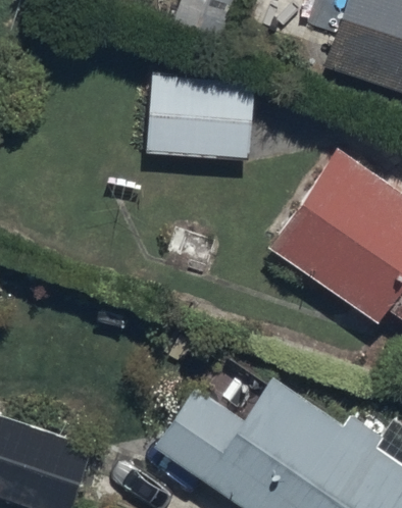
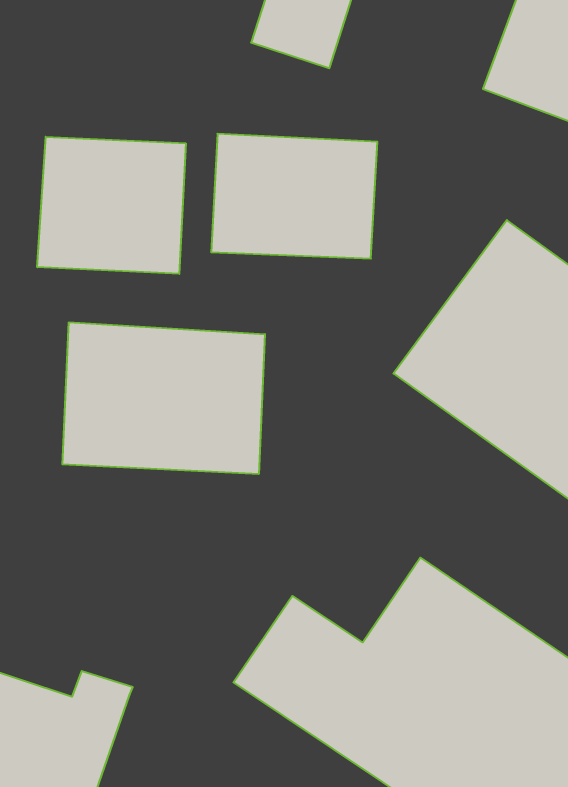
building: none -> [37,137,186,274]
building: none -> [62,322,265,474]

